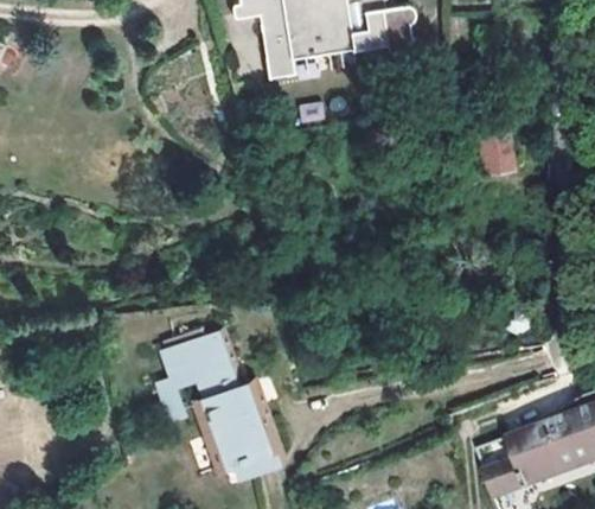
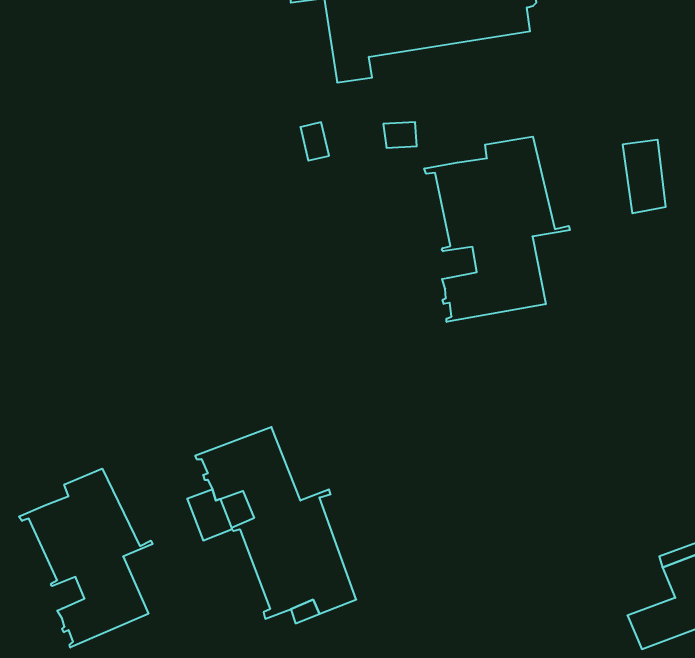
building: none -> [424,137,570,322]
building: none -> [19,469,153,648]

